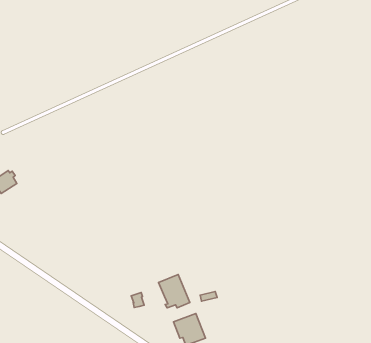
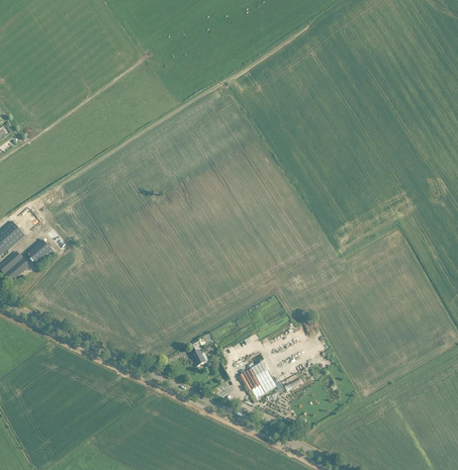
building: [159,275,190,308] -> none

